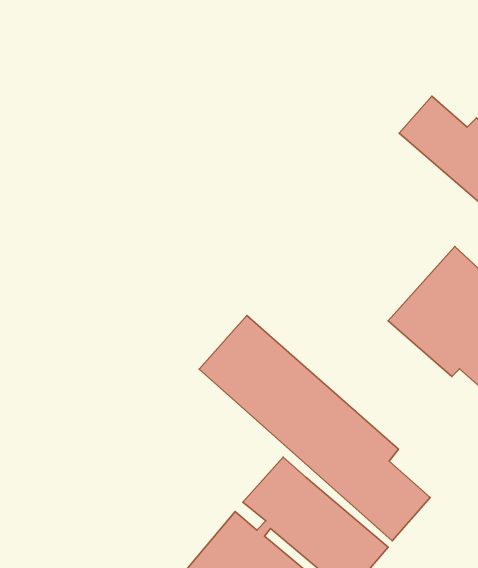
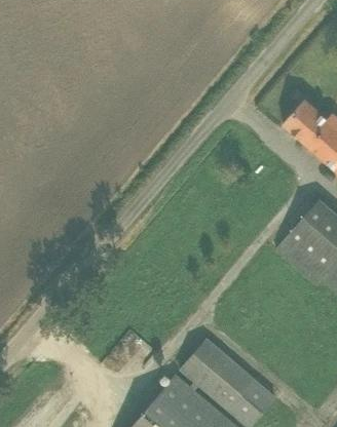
building: [199,315,430,541] -> none

